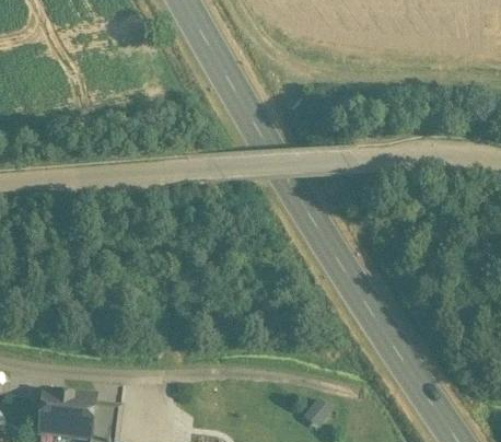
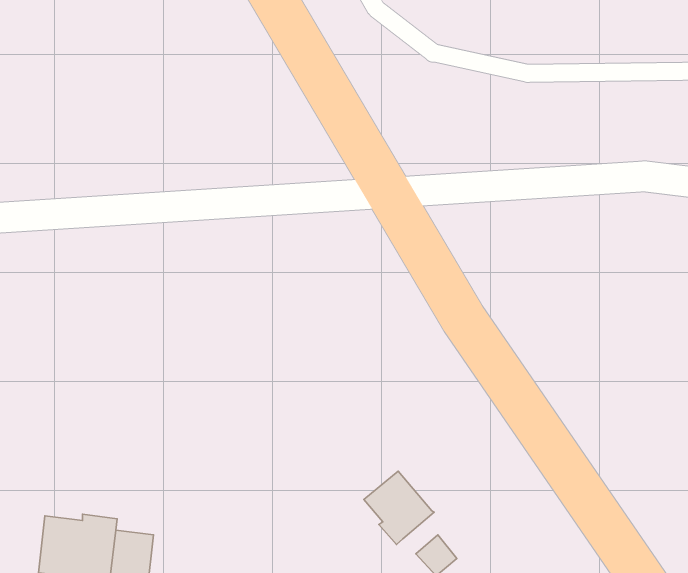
building: none -> [364,471,434,545]

